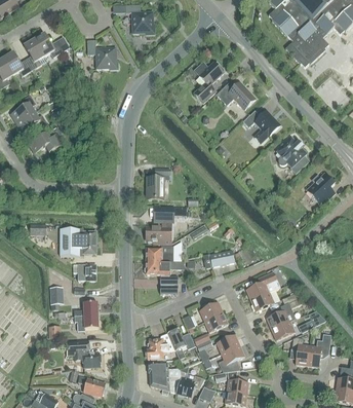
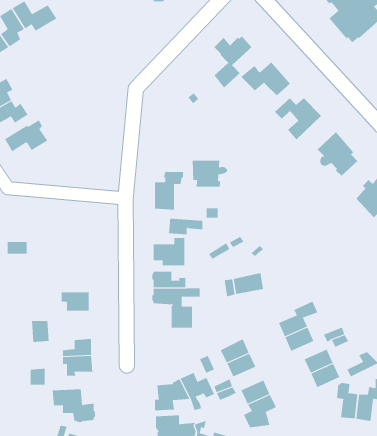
building: [86,39,118,69] -> none
building: none -> [192,160,228,188]
building: [60,228,95,256] -> none

